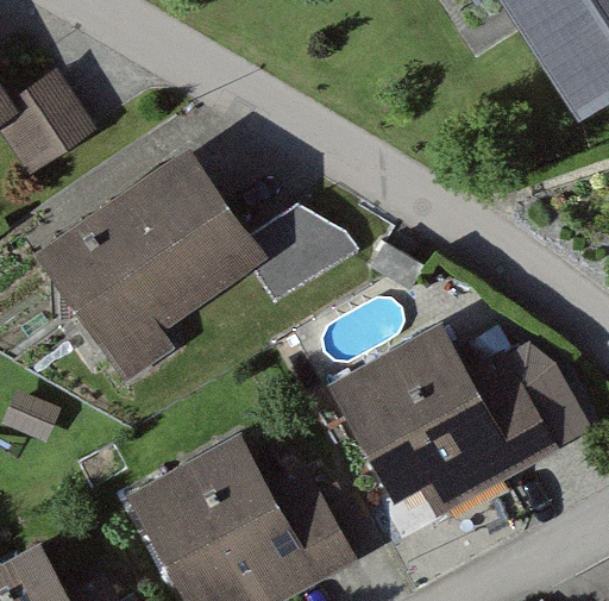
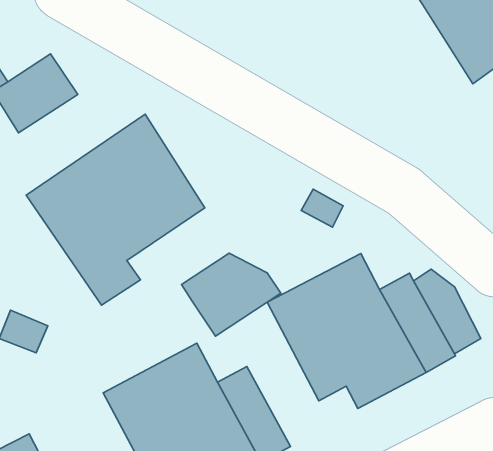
building: [239,208,360,309] -> [181,253,281,336]

